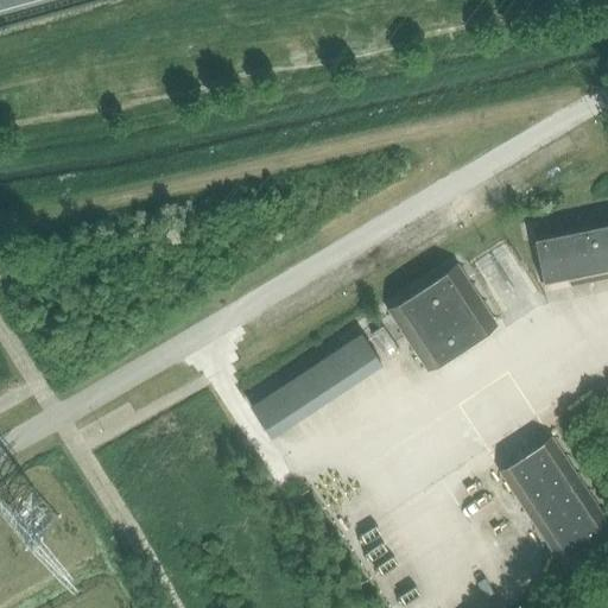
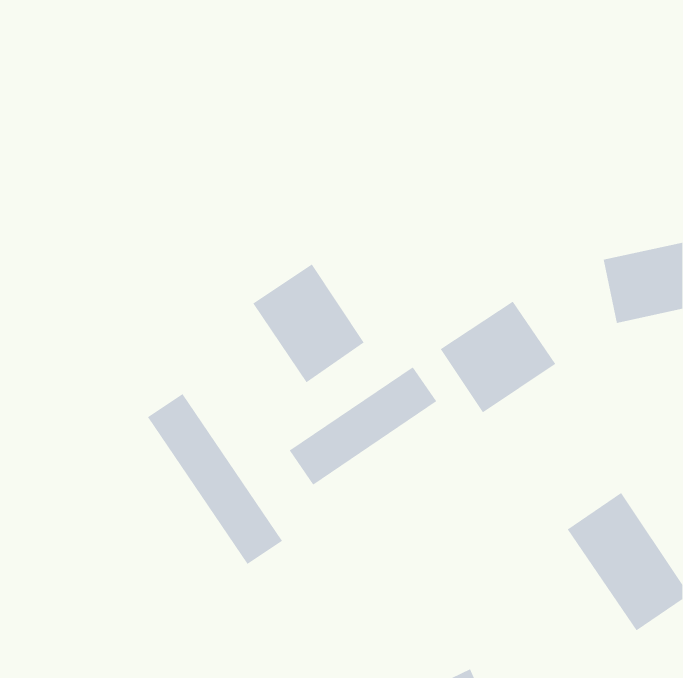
building: none -> [253,264,365,383]
building: none -> [147,393,283,565]

